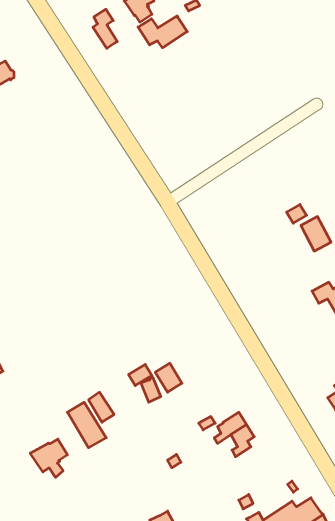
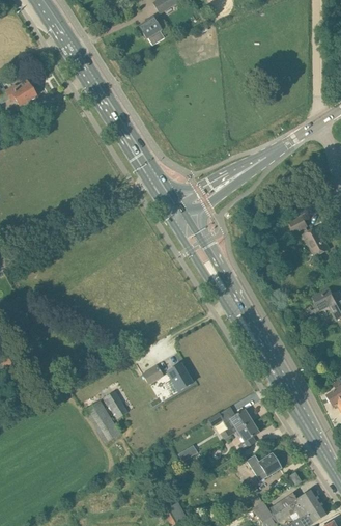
building: [93,9,117,48] -> none
building: [138,16,187,48] -> none
building: [30,439,67,477] -> none
building: none -> [246,452,281,479]

